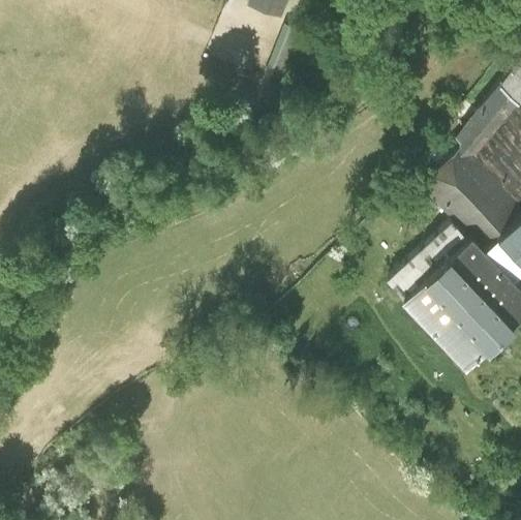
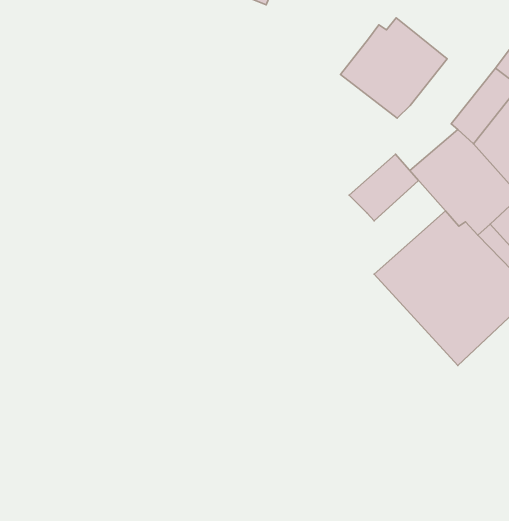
building: none -> [340,18,447,118]
building: none -> [349,154,418,221]

